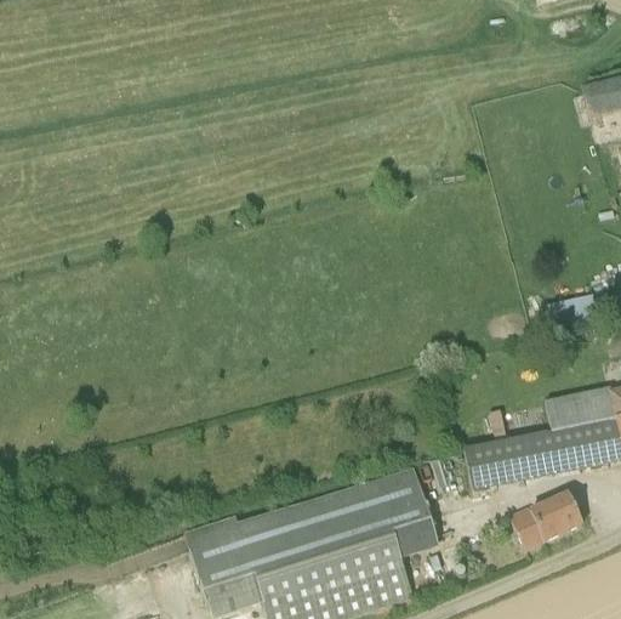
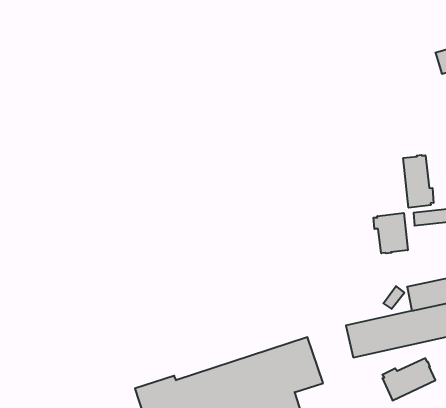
building: none -> [403,155,434,208]
building: none -> [374,213,408,253]

